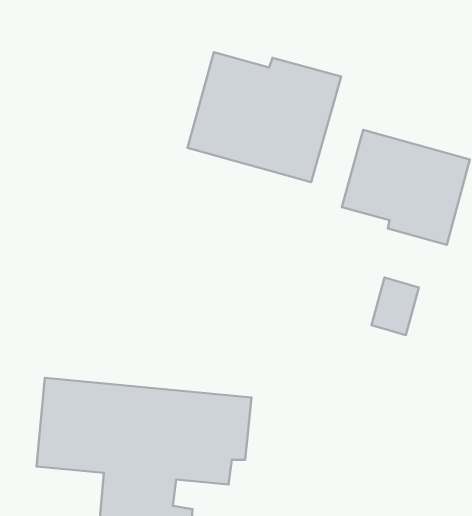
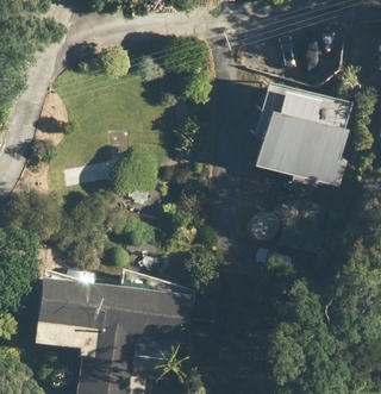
building: [187,52,341,182] -> none

